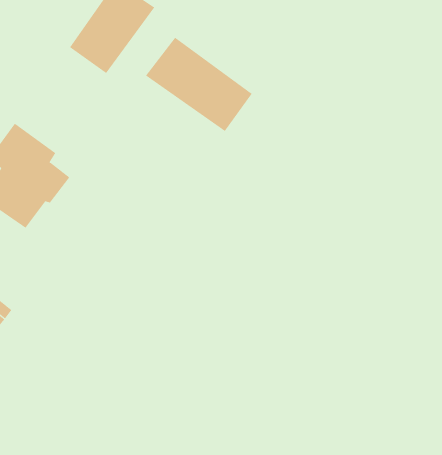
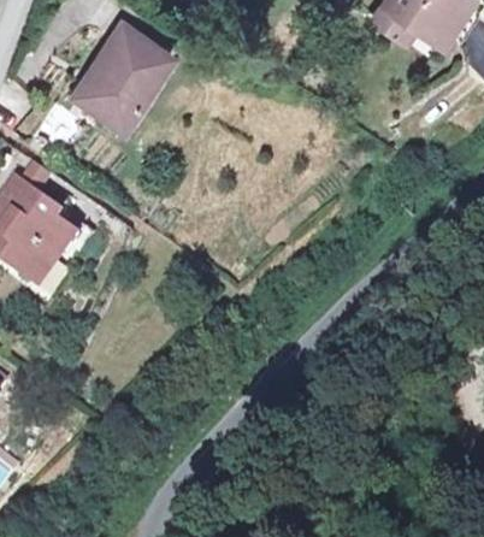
building: [145,37,252,132] -> none

